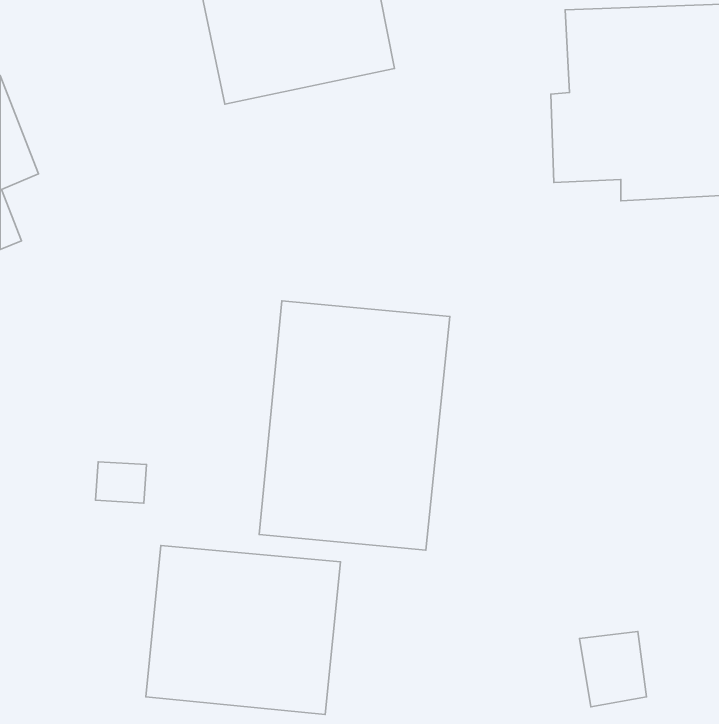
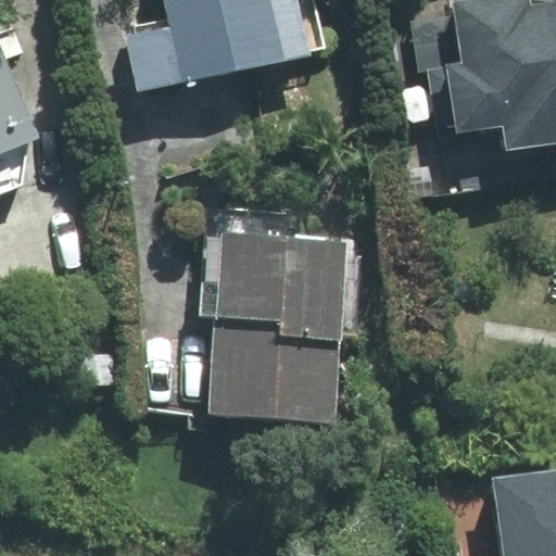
building: [146,546,341,714] -> none

